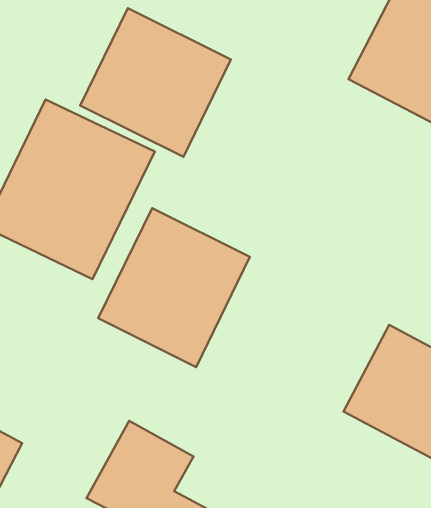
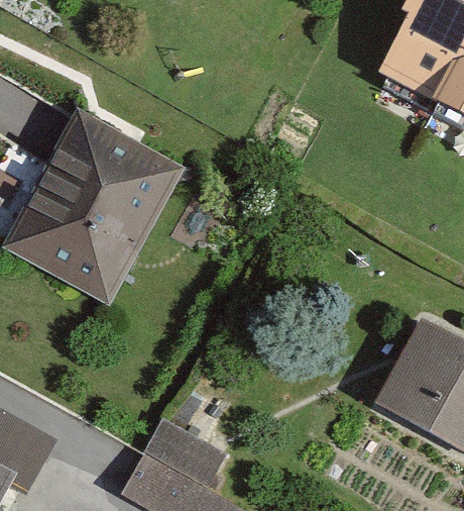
building: [80,8,231,157] -> none
building: [98,208,250,367] -> none

